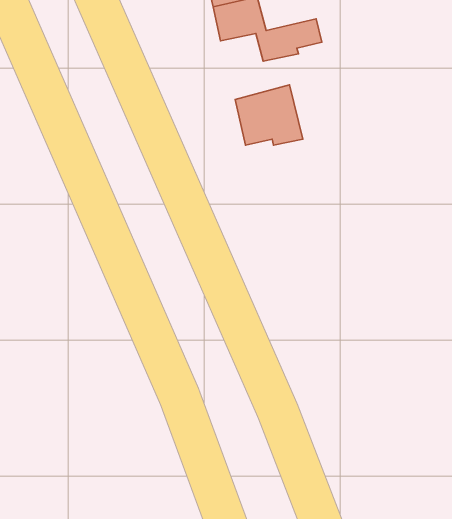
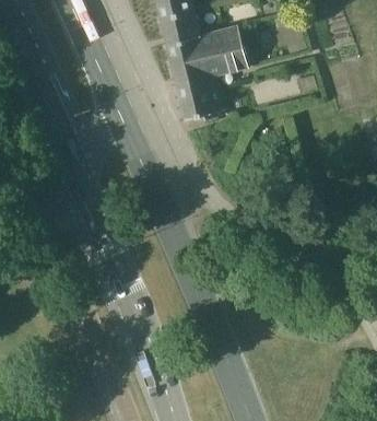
building: none -> [168,35,250,84]

